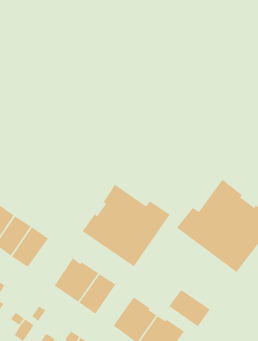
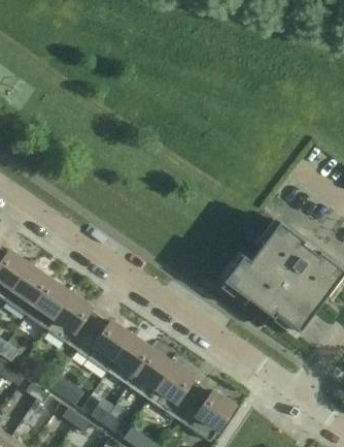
building: [82,184,171,267] -> none
building: none -> [46,293,100,350]
building: none -> [128,349,173,398]
building: [168,289,210,327] -> none

